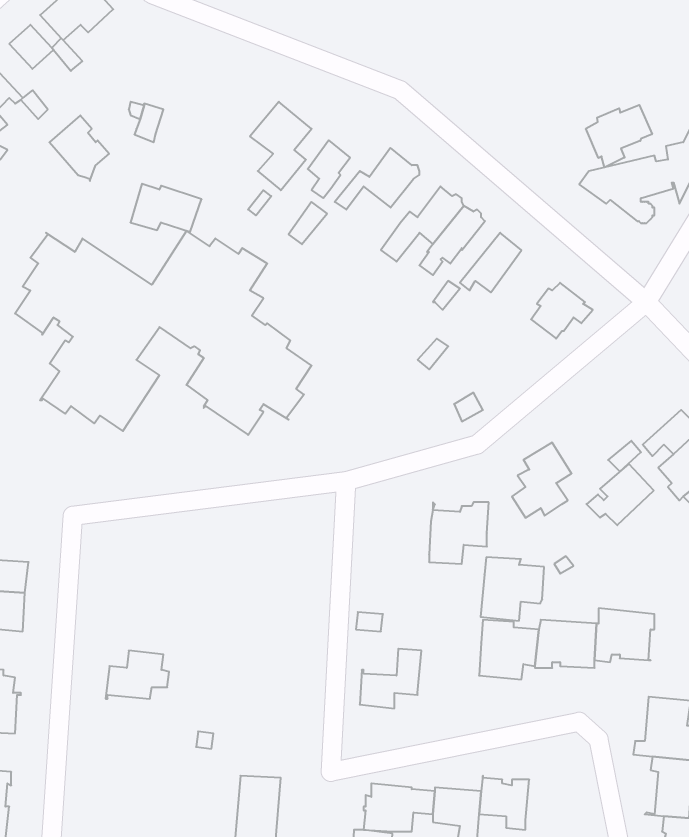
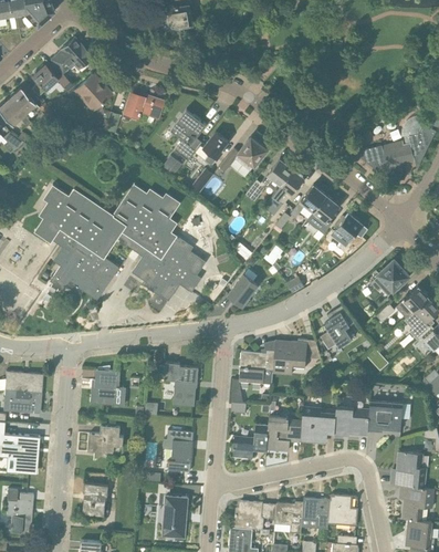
building: [586,105,652,167] -> none
building: [49,115,109,181] -> [75,73,109,111]
building: [130,184,202,232] -> [122,92,163,119]
building: none -> [307,195,338,235]
building: none -> [227,274,258,306]
building: [586,464,654,525] -> [369,260,408,295]
building: none -> [238,351,273,384]
building: none -> [164,363,198,405]
building: none -> [91,369,119,404]
building: [481,557,544,621] -> [265,415,302,451]
building: none -> [163,430,192,471]
building: none -> [83,483,107,515]
building: none -> [327,494,356,524]

